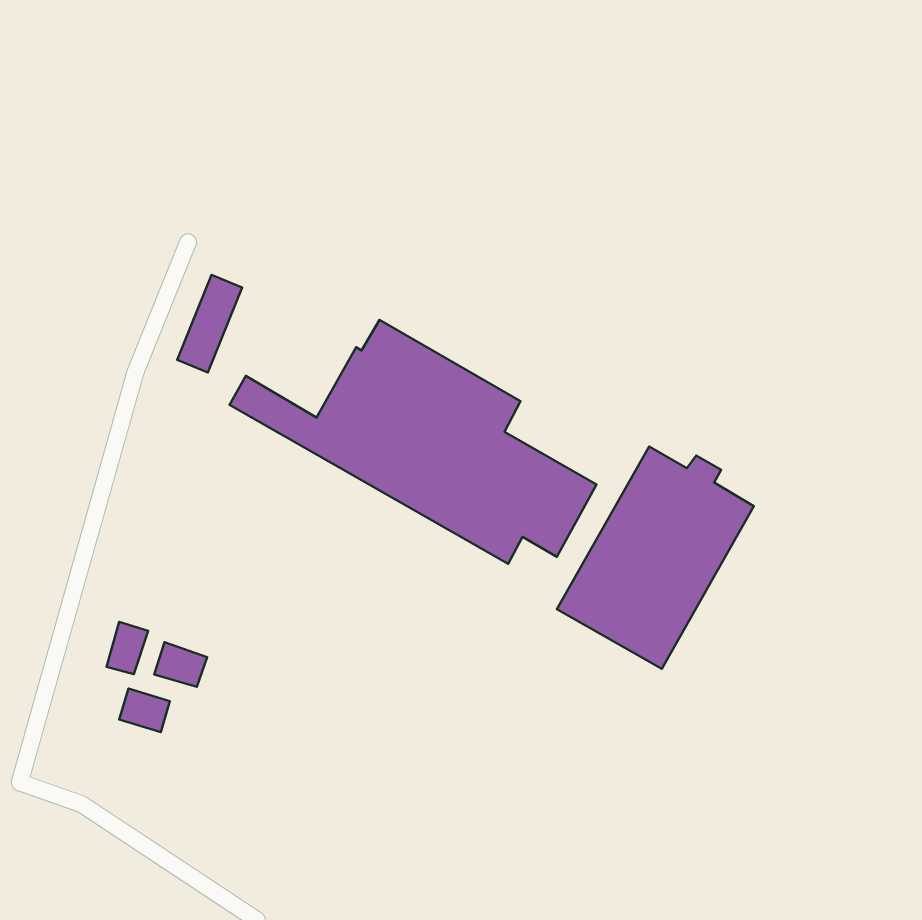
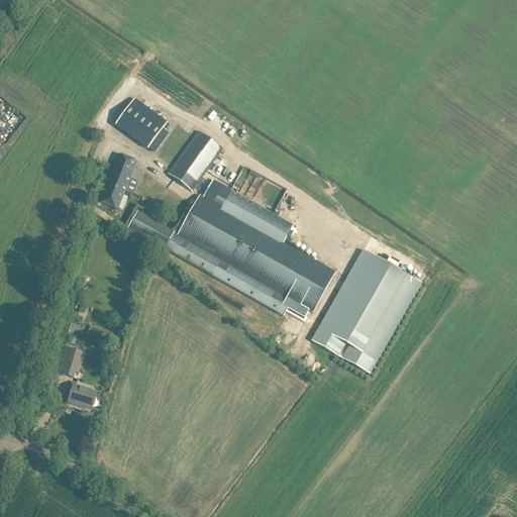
building: none -> [114,98,166,147]
building: none -> [168,131,222,191]
building: [154,642,207,687] -> none

